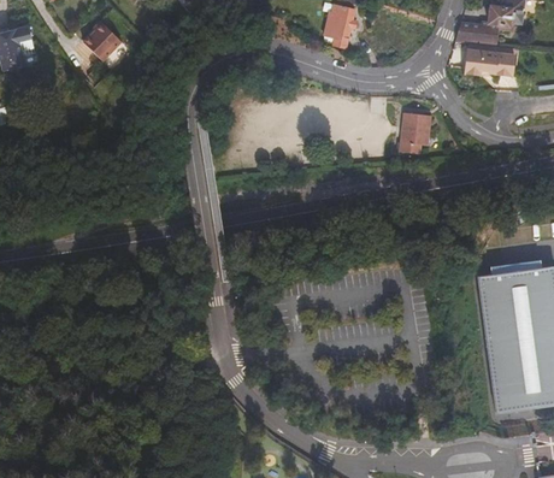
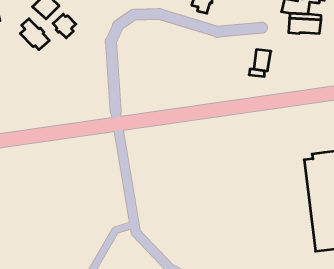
building: none -> [53,14,76,38]
building: none -> [20,19,49,50]

